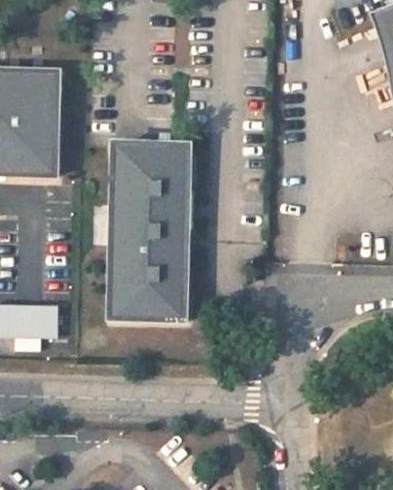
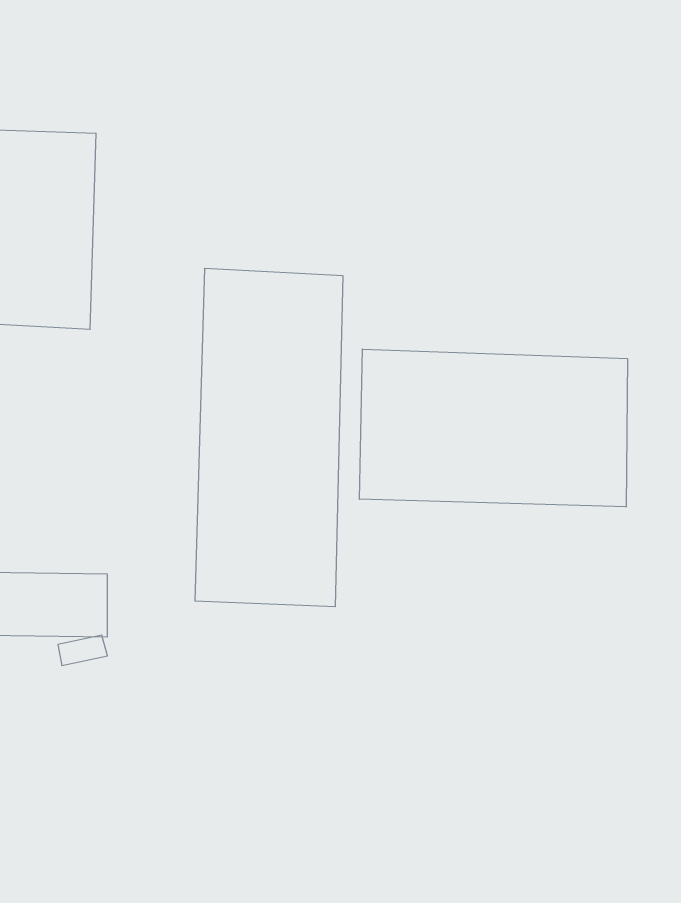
building: none -> [359,349,627,507]

